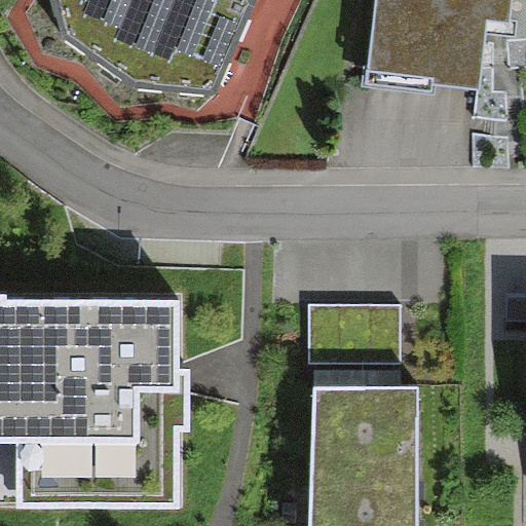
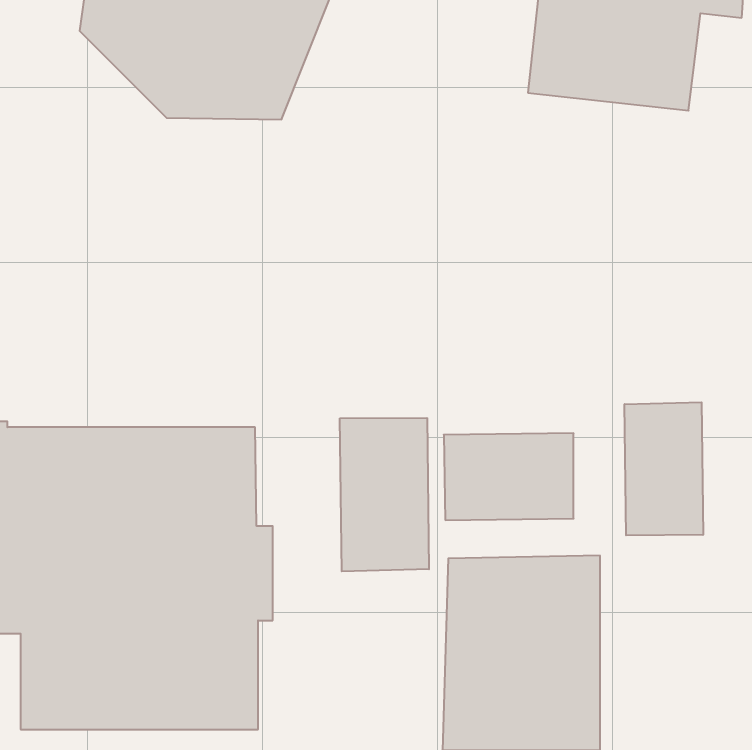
building: none -> [625,402,703,535]
building: none -> [340,418,429,571]

